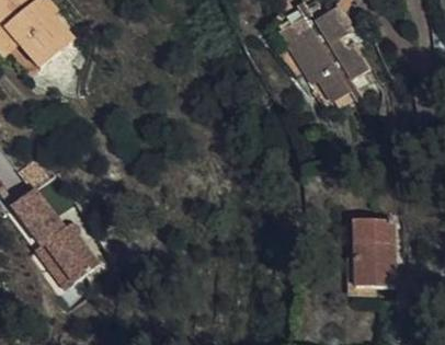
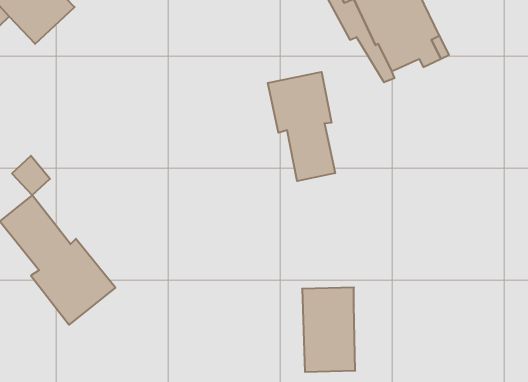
building: none -> [268,72,335,181]
building: [349,230,391,298] -> [302,287,355,372]

